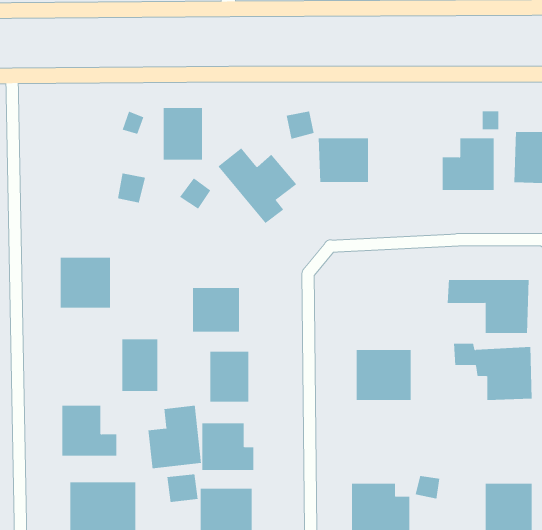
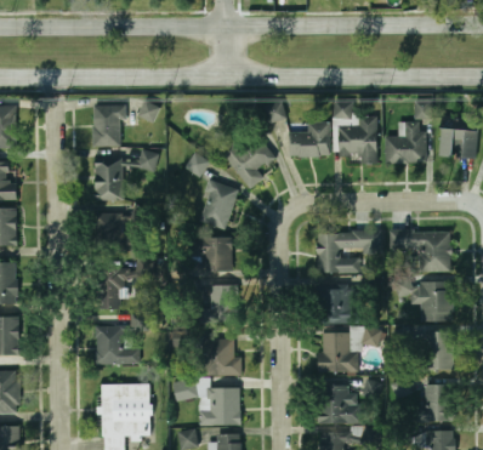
building: [163,108,203,160] -> [93,106,124,146]
building: none -> [334,101,377,165]
building: none -> [95,158,123,200]
building: none -> [199,183,238,230]
building: none -> [316,230,381,274]
building: [121,339,158,391] -> [96,269,124,309]
building: [148,405,202,469] -> none
building: none -> [319,327,381,374]
building: none -> [420,332,454,370]

